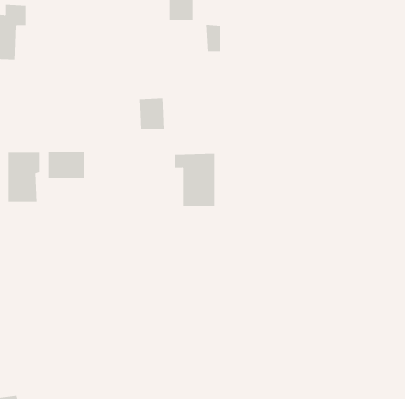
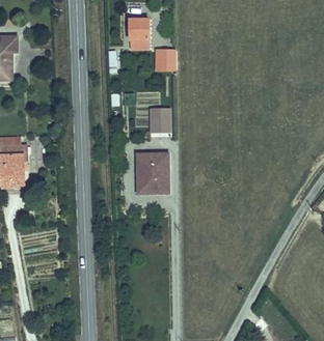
building: [139,98,165,129] -> [147,106,167,130]
building: [48,151,84,179] -> none

